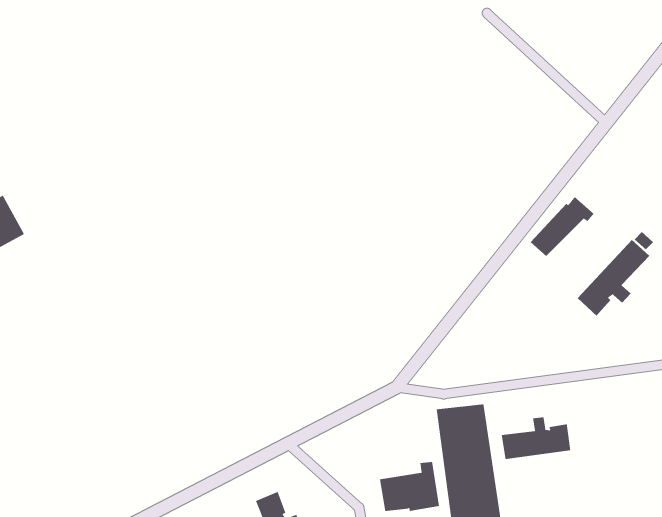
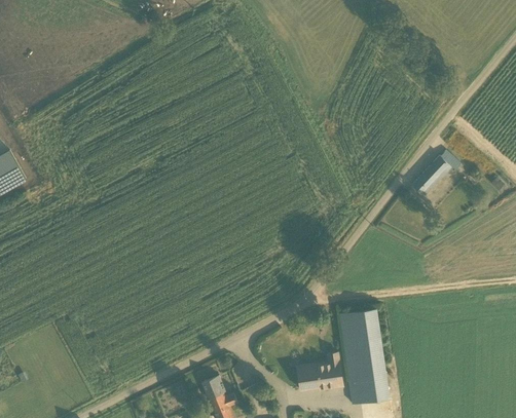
building: [577,239,650,317] -> none
building: [501,416,571,460] -> none

